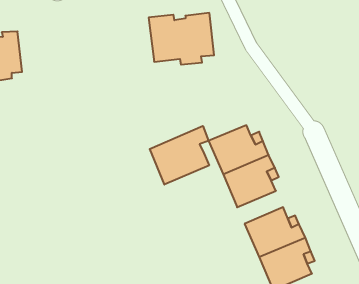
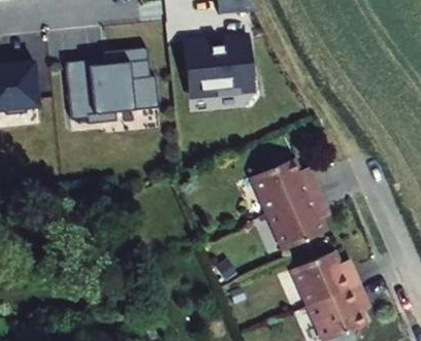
building: none -> [68,44,159,122]
building: [150,126,209,185] -> none

